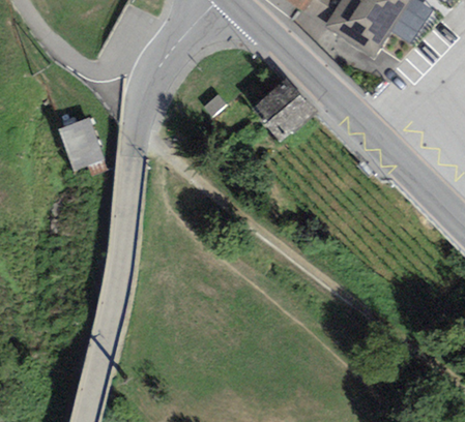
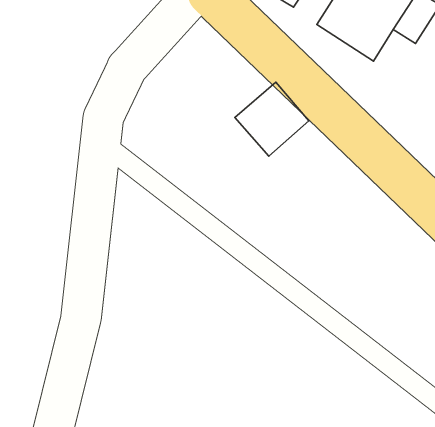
building: [58,116,105,170] -> none

